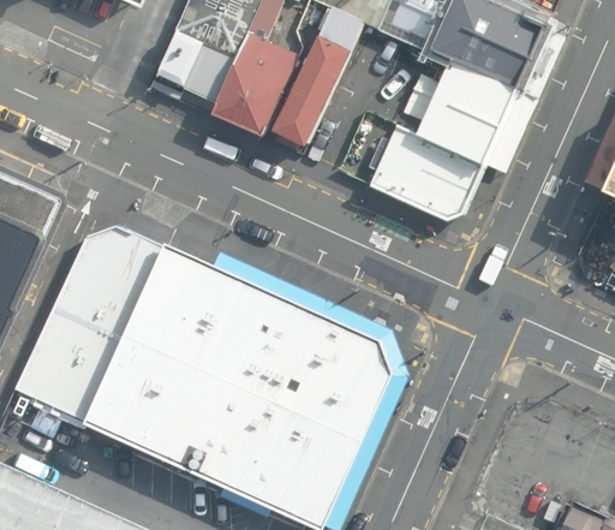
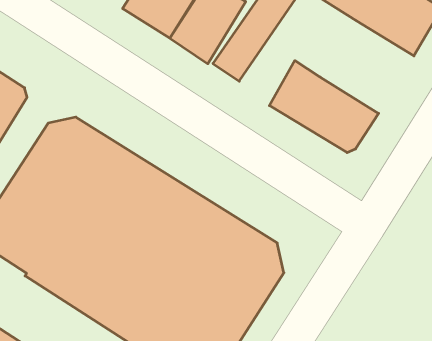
building: [402,58,512,166] -> none

